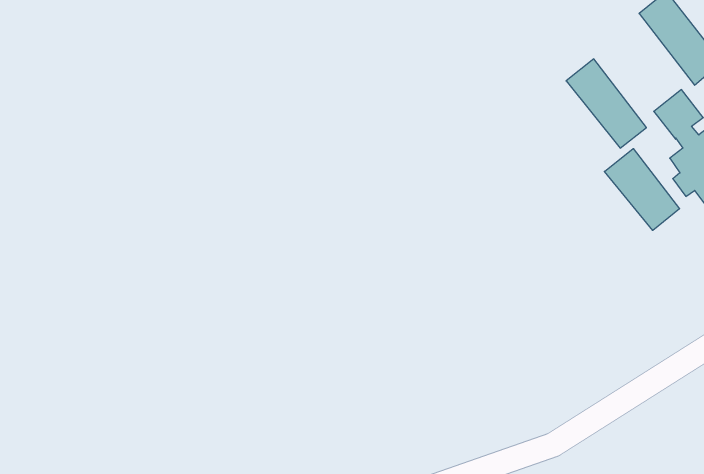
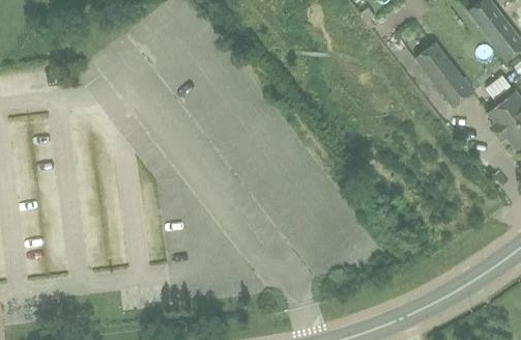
building: [604,149,680,230] -> none

